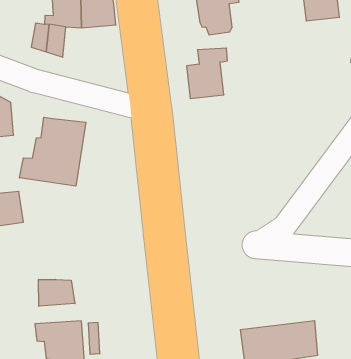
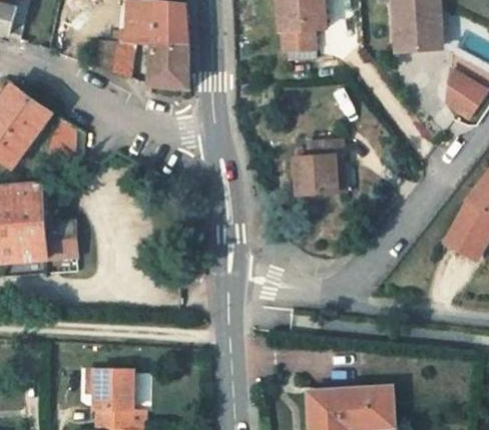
building: none -> [149,46,190,90]
building: [187,48,227,99] -> [295,141,340,194]
building: [19,117,86,186] -> none
building: [39,279,75,306] -> none

